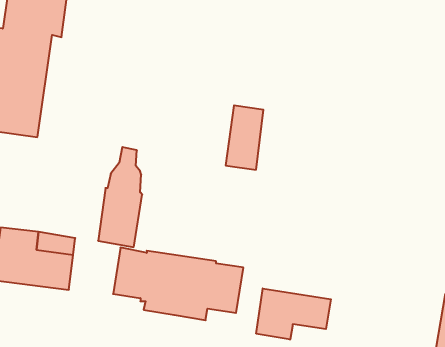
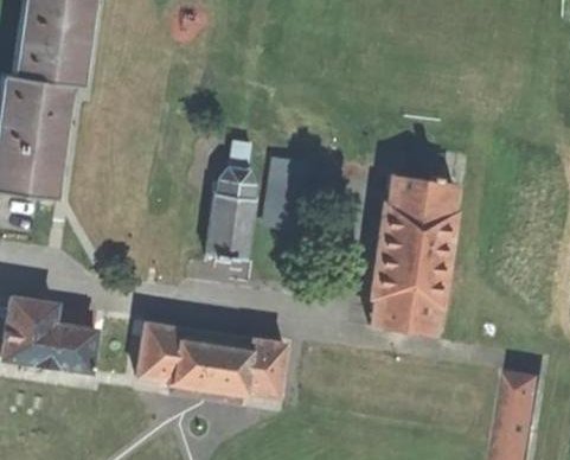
building: none -> [366,153,455,336]
building: [98,147,142,247] -> [204,148,254,261]
building: [256,288,331,340] -> none

